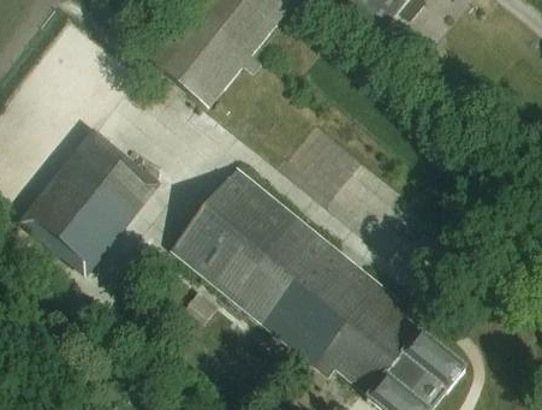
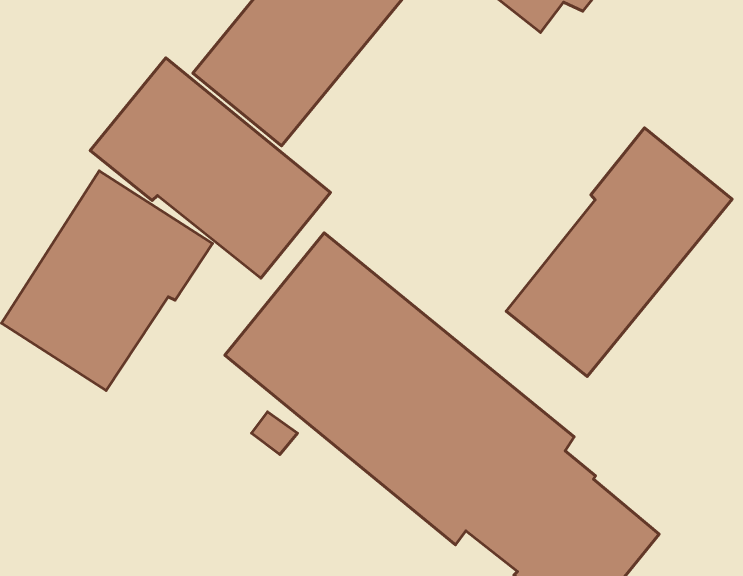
building: none -> [90,58,330,278]
building: none -> [506,128,732,377]

